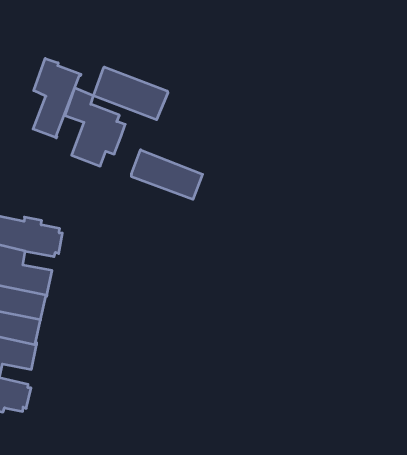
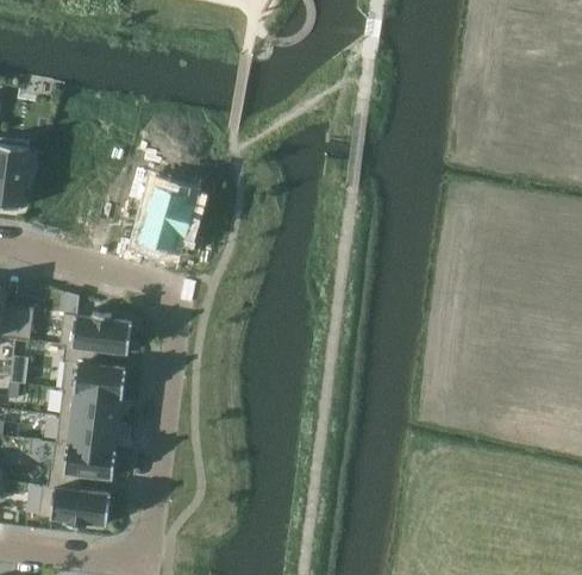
building: [33,58,81,138] -> none
building: [94,67,168,120] -> none
building: [132,150,203,199] -> none

